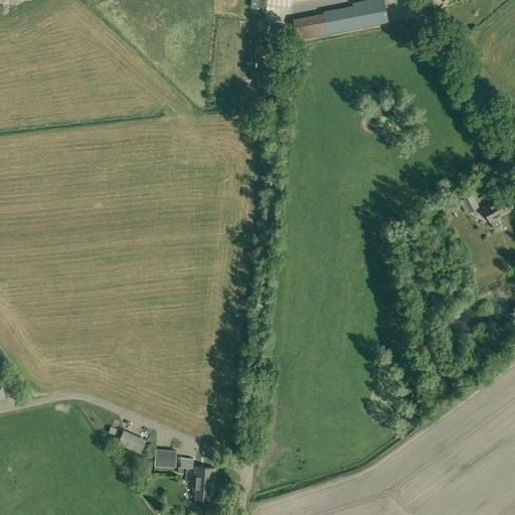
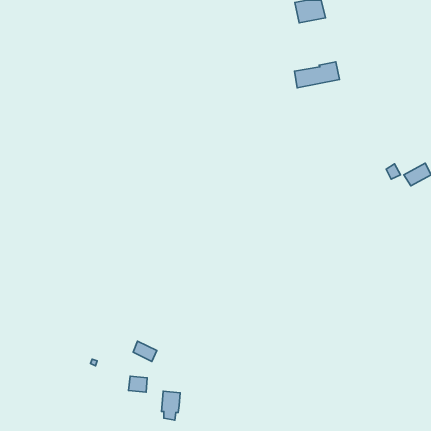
building: [293,9,346,40] -> [295,62,339,88]
building: [117,431,145,455] -> [133,341,157,362]

